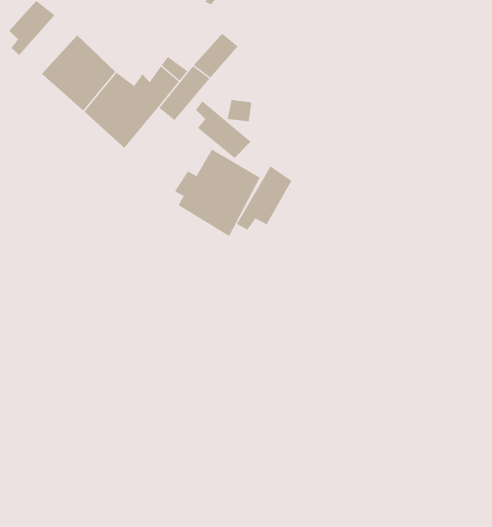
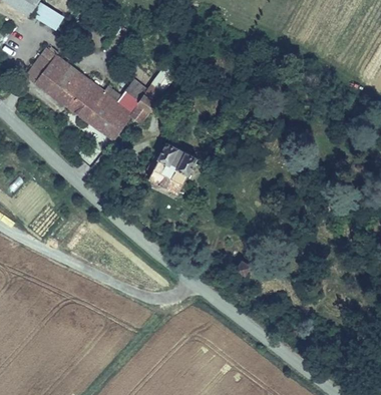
building: none -> [36,55,73,94]
building: [195,100,251,159] -> none
building: [236,166,292,230] -> none

